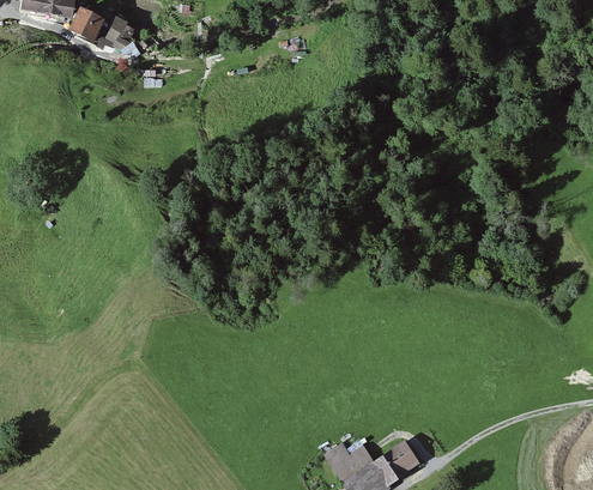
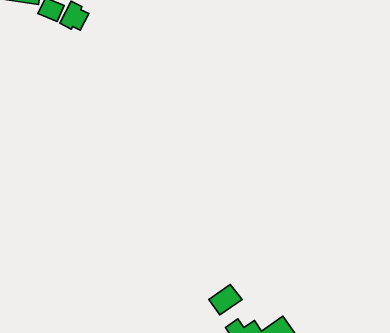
building: none -> [209,285,242,315]

